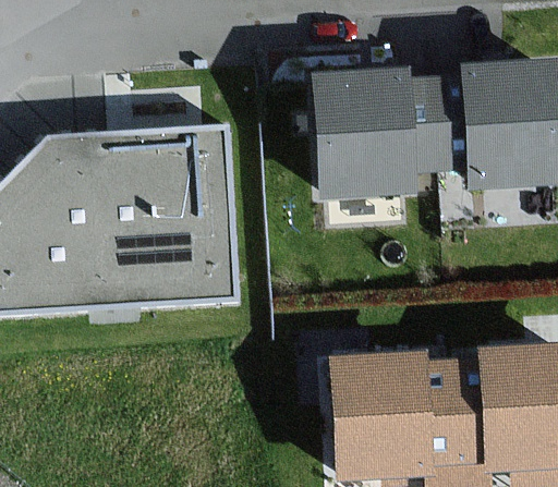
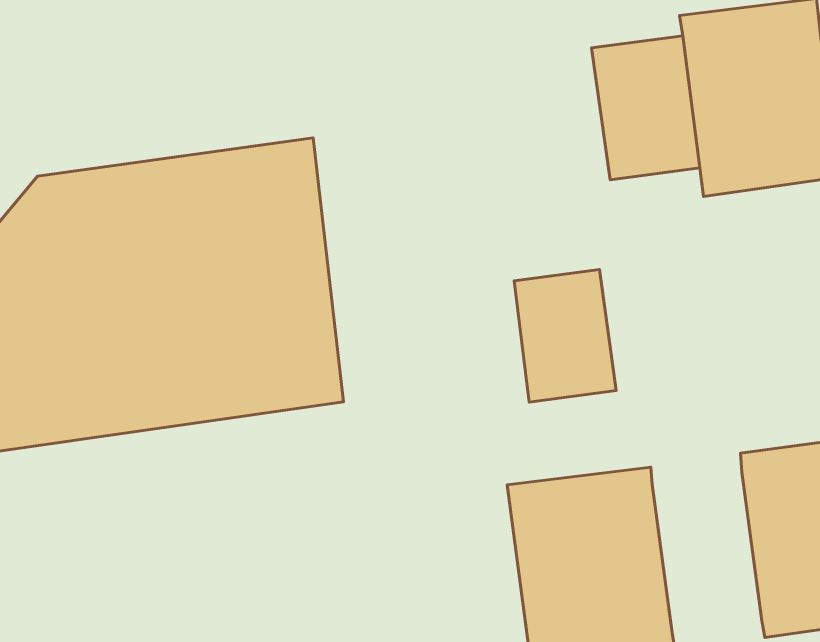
building: [317,72,413,195] -> none
building: none -> [514,270,616,402]
building: [424,362,487,461] -> none

